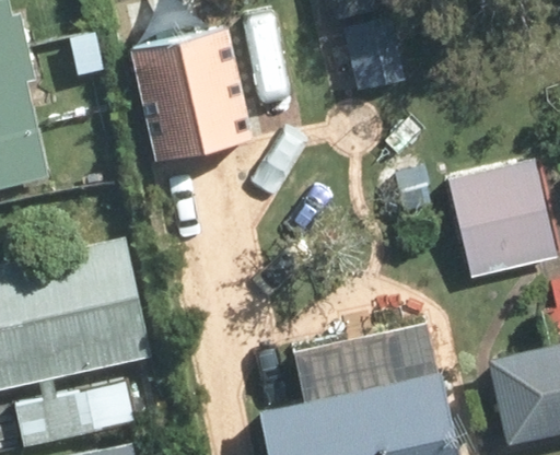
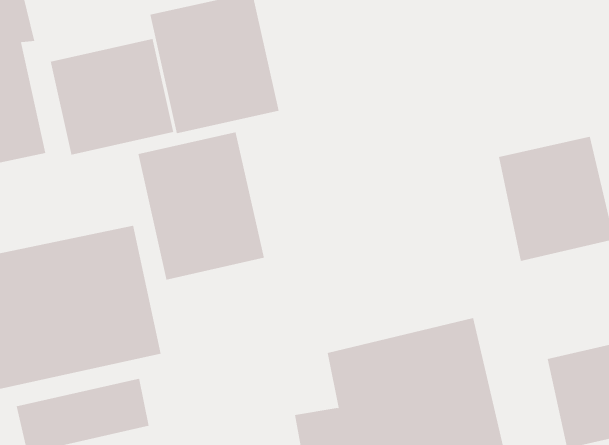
building: none -> [50,38,174,155]
building: none -> [138,132,264,280]

